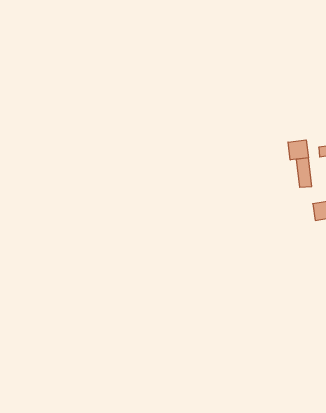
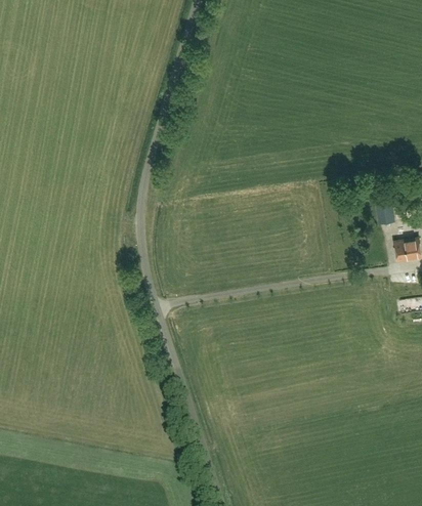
building: [288,140,308,160] -> none

